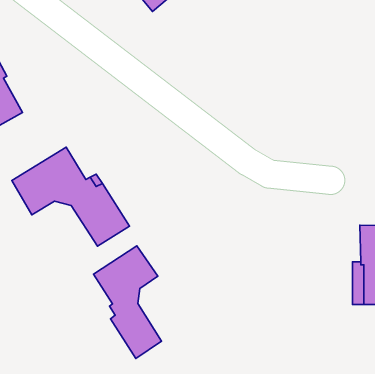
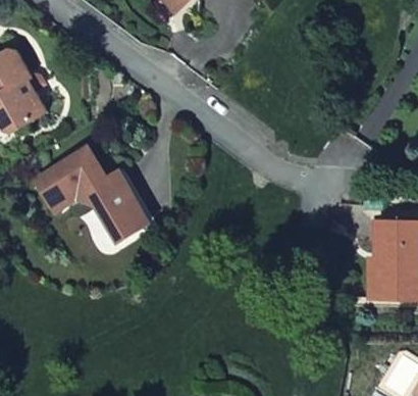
building: [93,246,162,358] -> none

